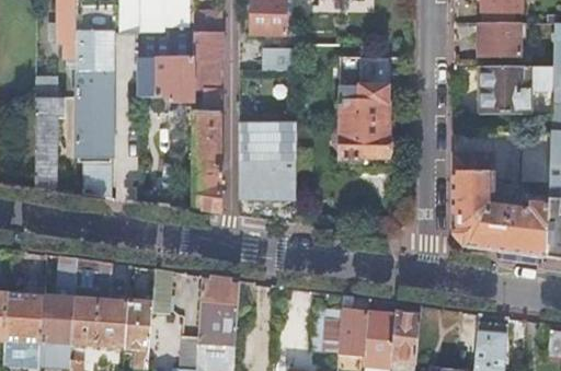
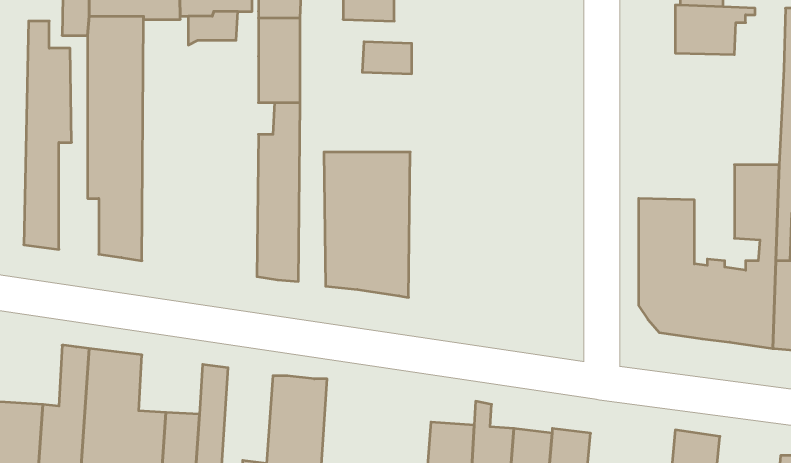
building: [139,49,193,102] -> none
building: [333,57,390,167] -> none
building: [480,65,553,113] -> none

